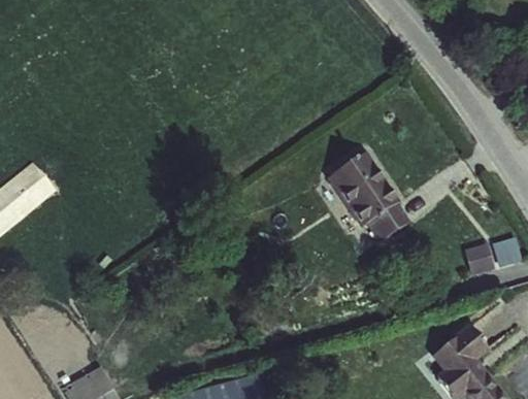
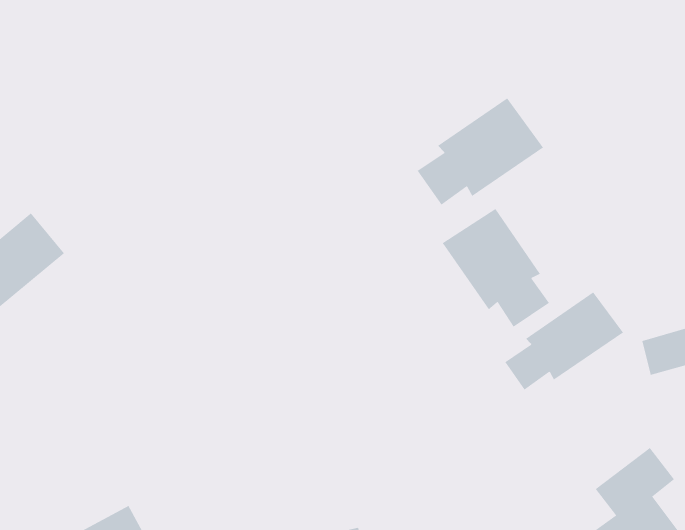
building: none -> [417,98,544,206]
building: none -> [504,292,624,390]

